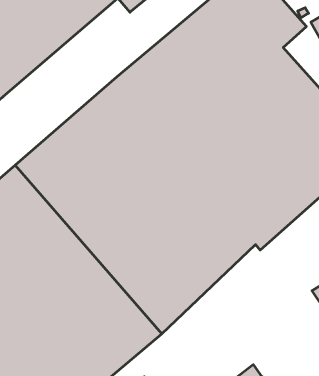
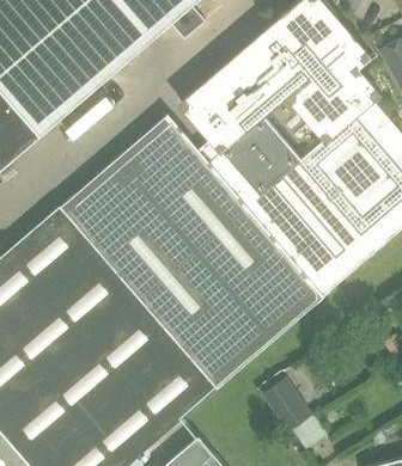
building: none -> [263,378,311,430]

